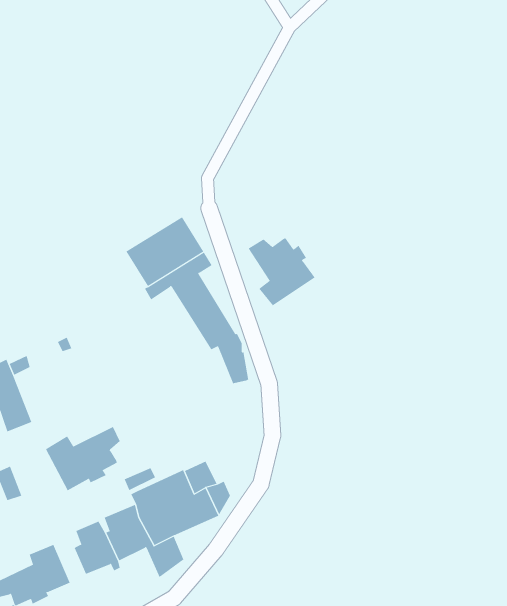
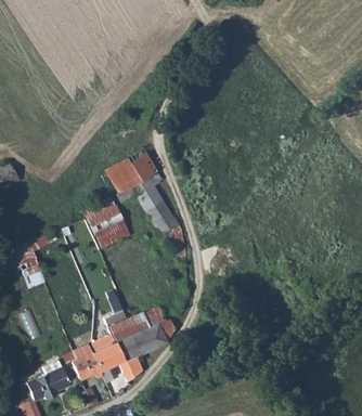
building: [248,238,315,306] -> none
building: none -> [83,197,130,249]
building: [45,426,121,491] -> none

